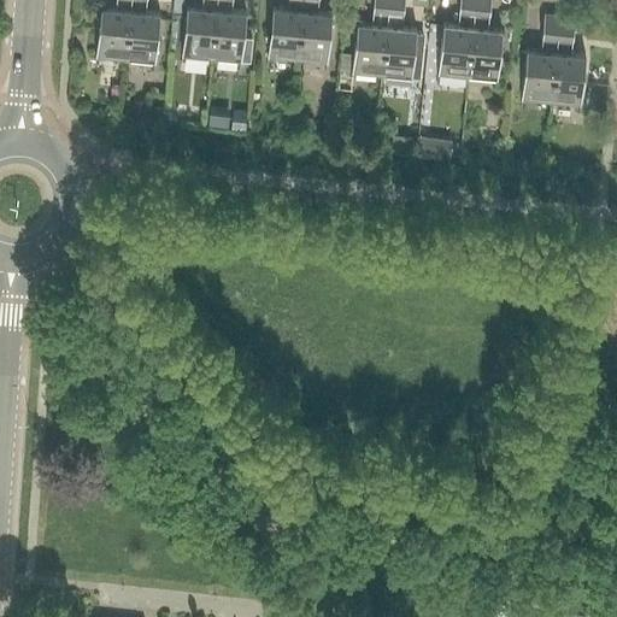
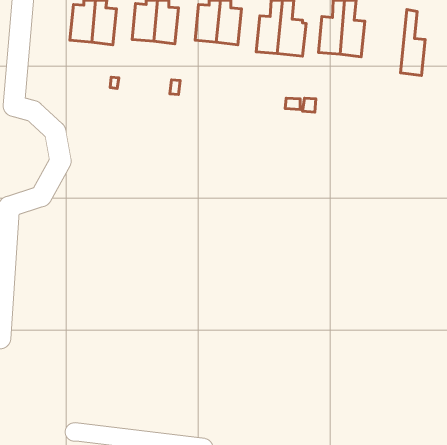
building: [522,16,560,104] -> none

